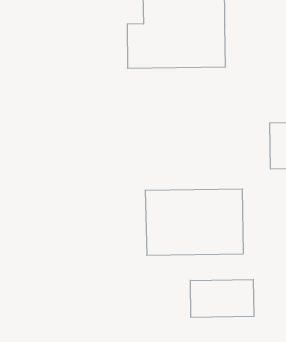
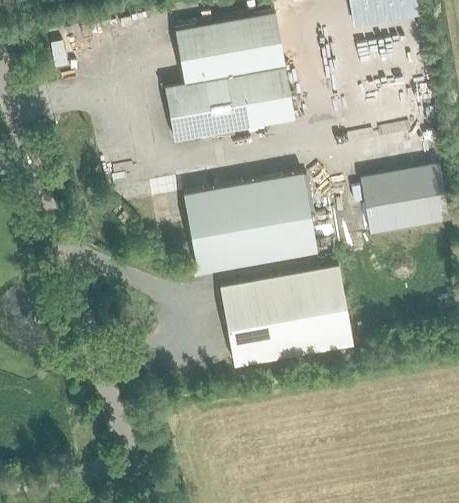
building: none -> [184,173,317,274]
building: [190,279,254,317] -> none

